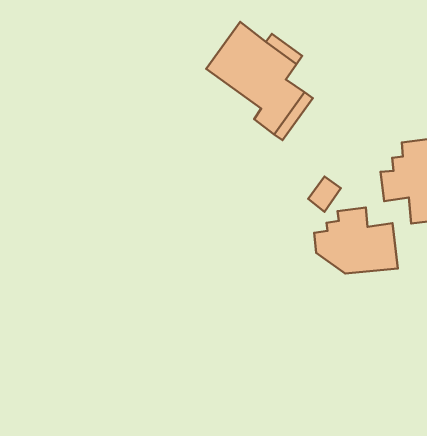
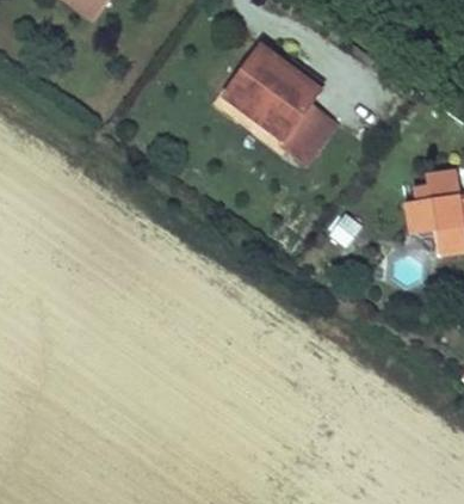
building: [314,208,398,273] -> none

